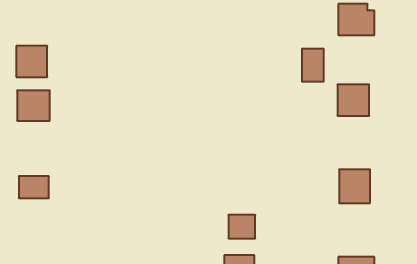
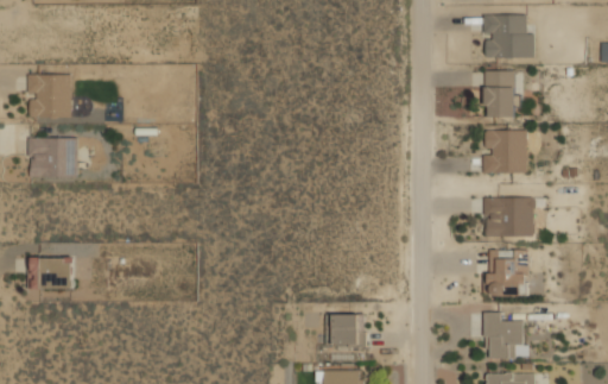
building: [302,49,324,82] -> [484,70,515,117]
building: none -> [483,197,534,237]
building: none -> [483,310,522,359]

